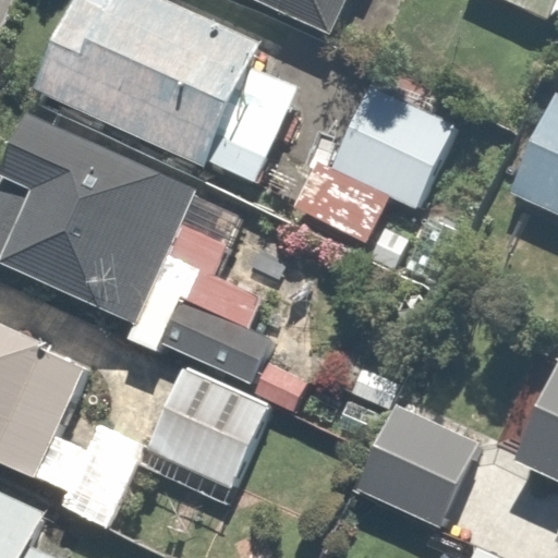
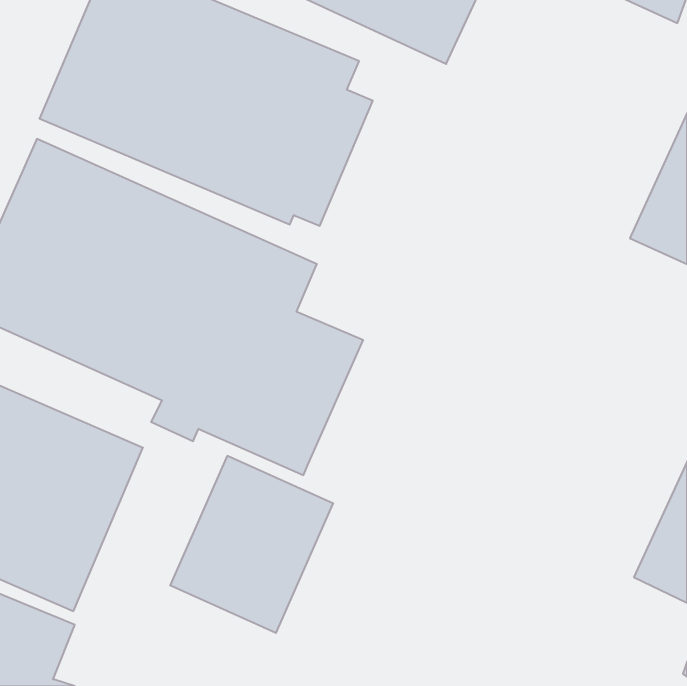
building: [288,68,461,238] -> none
building: [355,409,475,532] -> none

